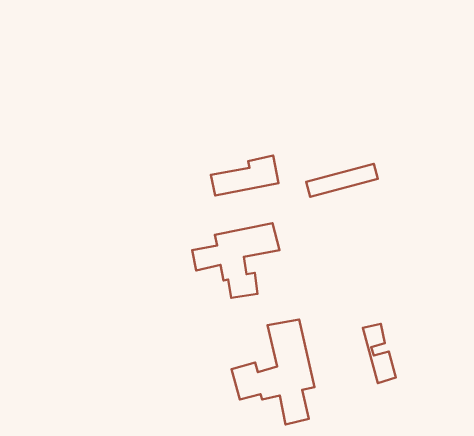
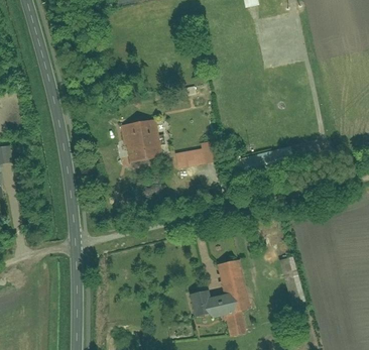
building: none -> [121,119,162,162]
building: [192,223,279,298] -> none

